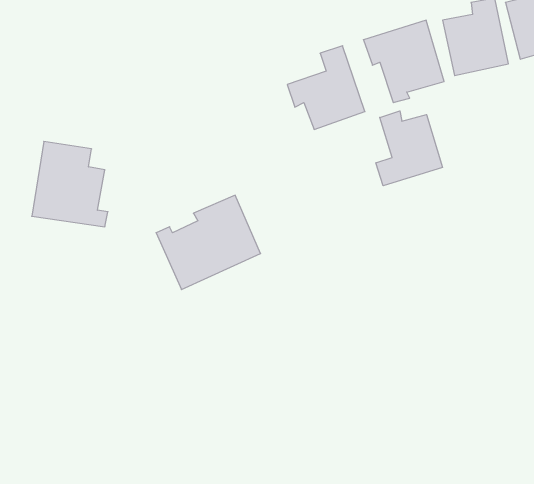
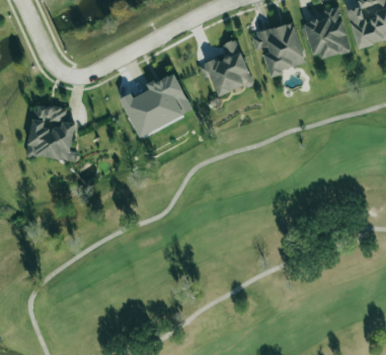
building: [376,111,442,186] -> none
building: [156,195,261,290] -> [122,72,192,136]

